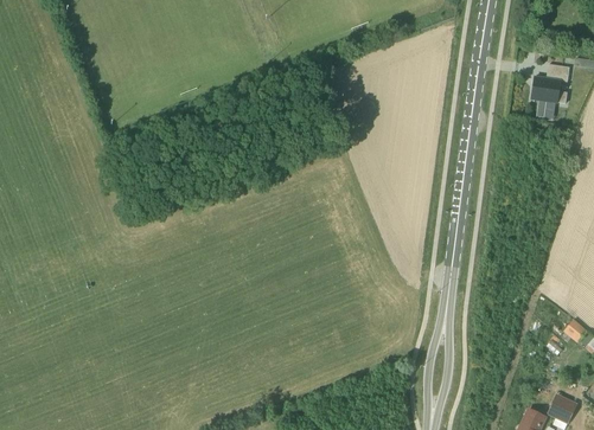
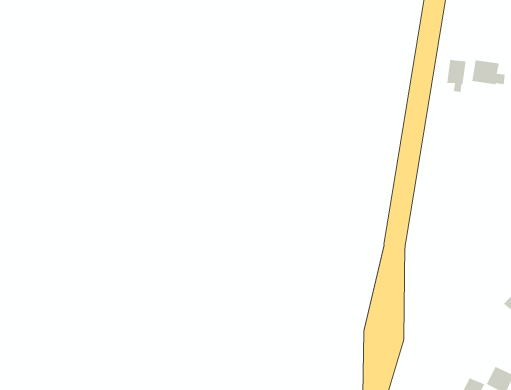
building: none -> [446,59,466,93]

